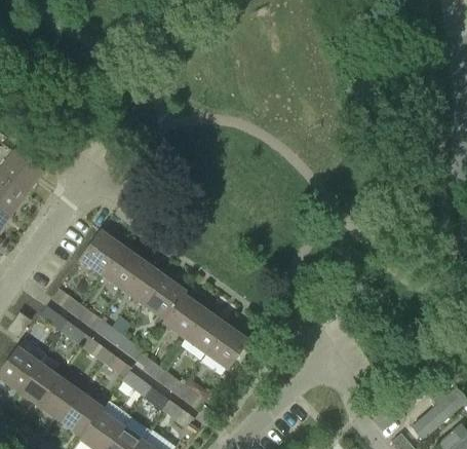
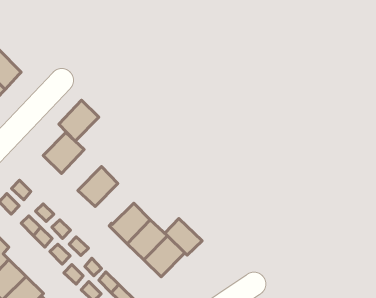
building: [103,245,145,290] -> [59,100,99,141]
building: [145,275,187,321] -> none
building: none -> [165,219,202,255]

